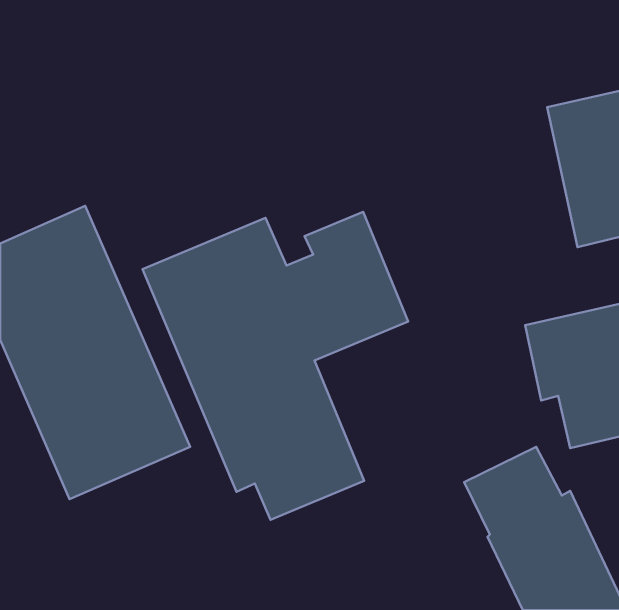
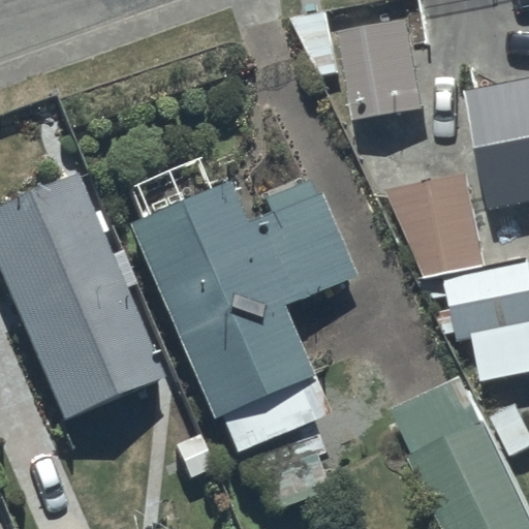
building: none -> [344,18,424,118]
building: none -> [391,170,490,273]

